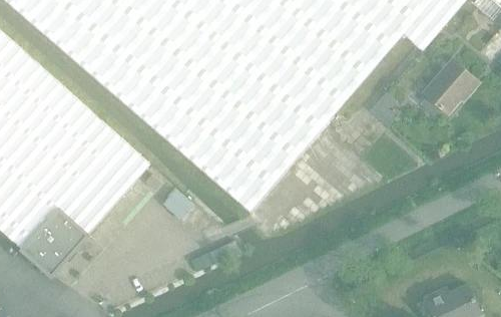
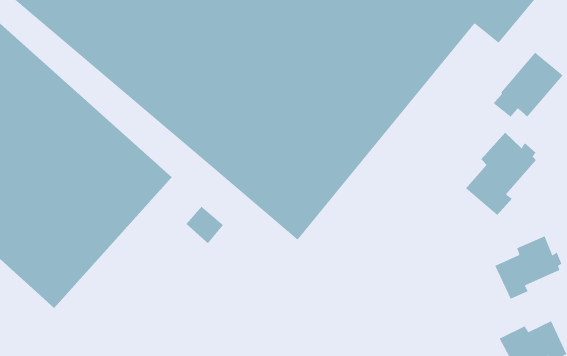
building: none -> [465,132,537,216]
building: none -> [495,235,562,299]

